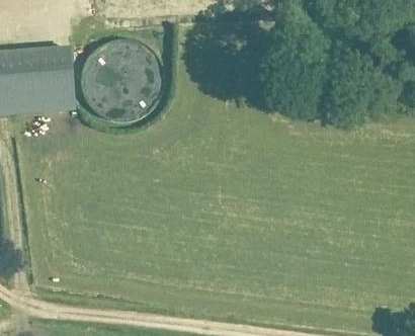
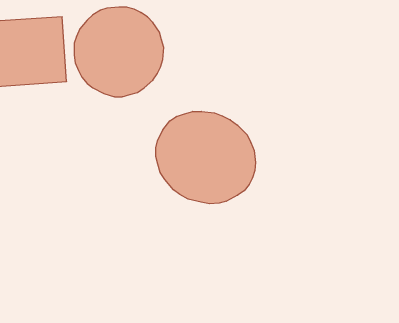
building: none -> [156,111,256,204]

